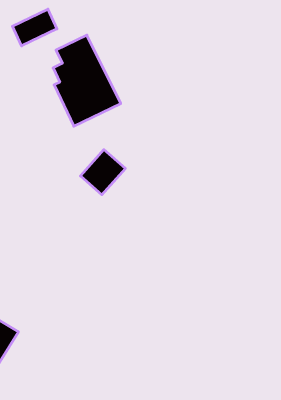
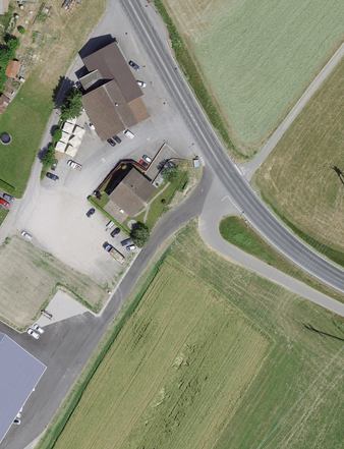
building: [12,9,57,46] -> none

